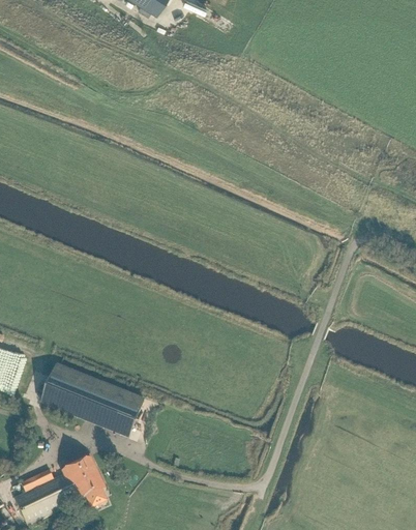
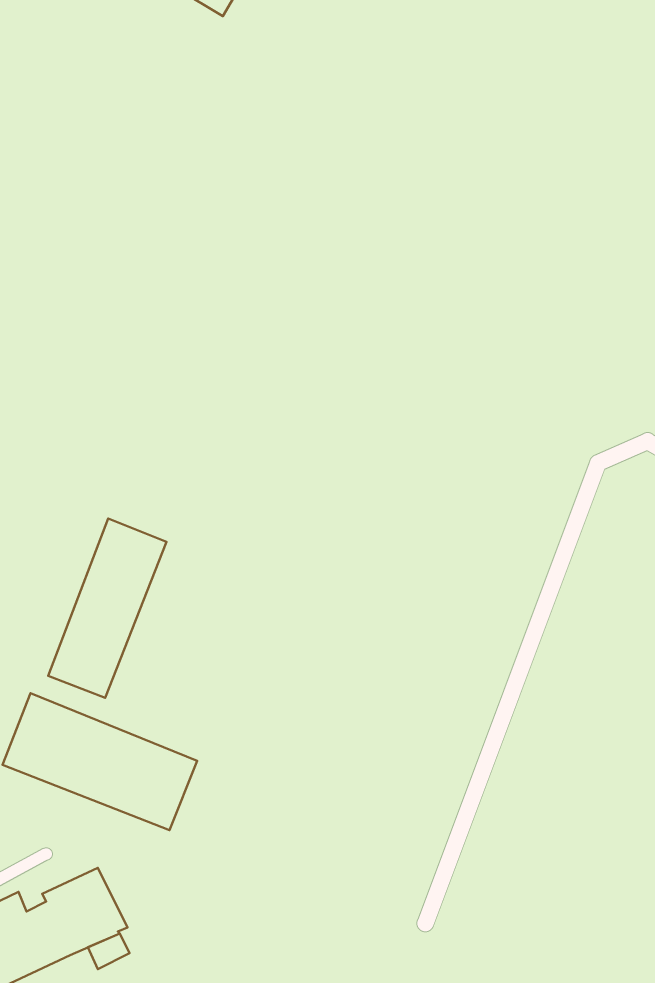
building: none -> [48,519,166,698]

